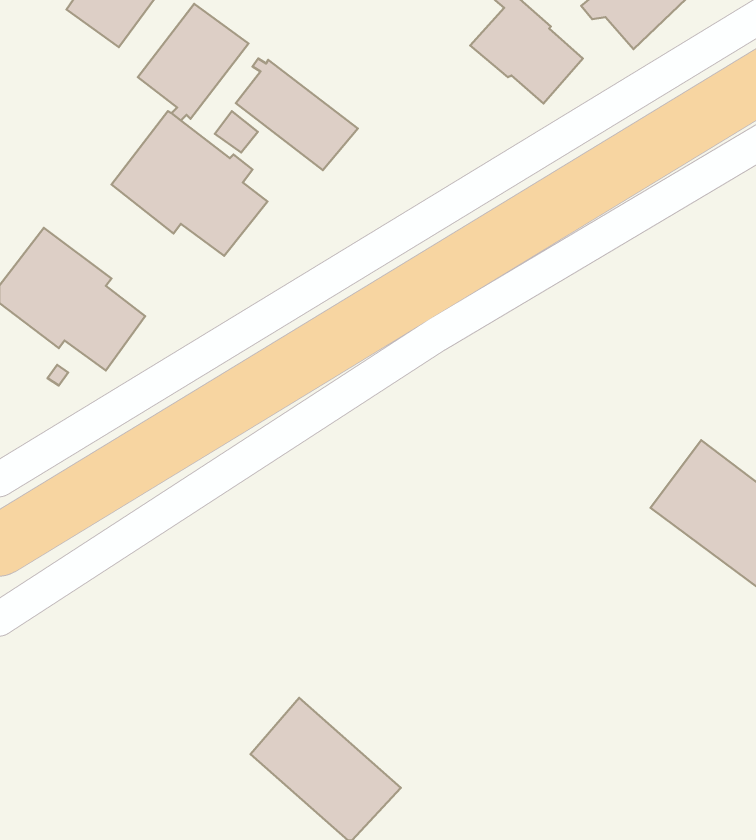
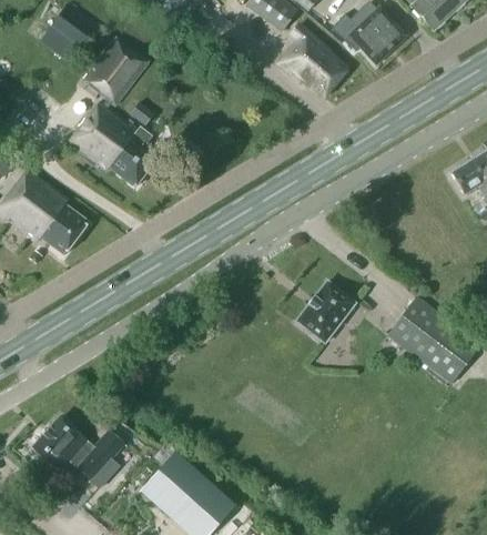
building: [236,59,358,170] -> none
building: none -> [296,281,355,342]
building: none -> [32,415,124,480]

